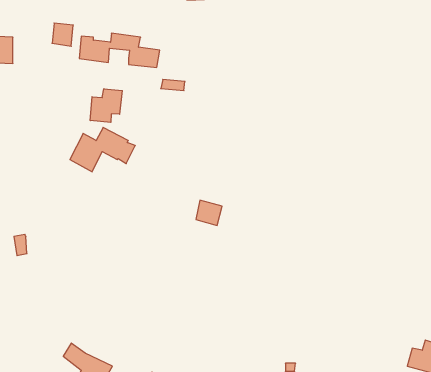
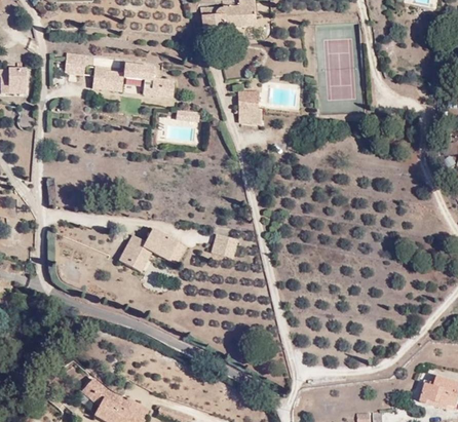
building: none -> [237,89,261,124]
building: [90,89,122,122] -> none
building: [70,127,135,172] -> [118,227,185,272]

